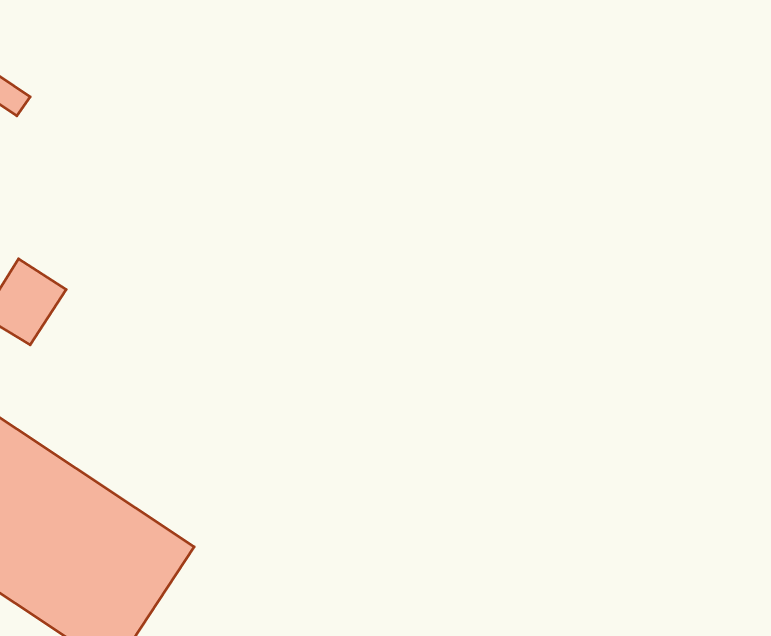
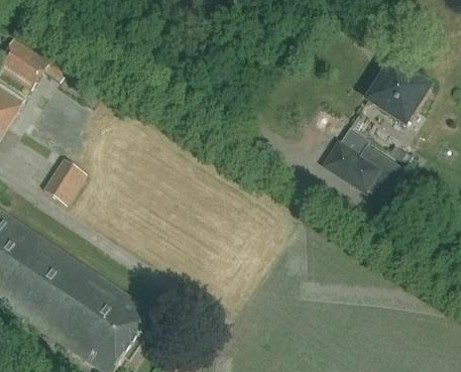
building: none -> [367,63,428,123]
building: none -> [324,127,404,203]

